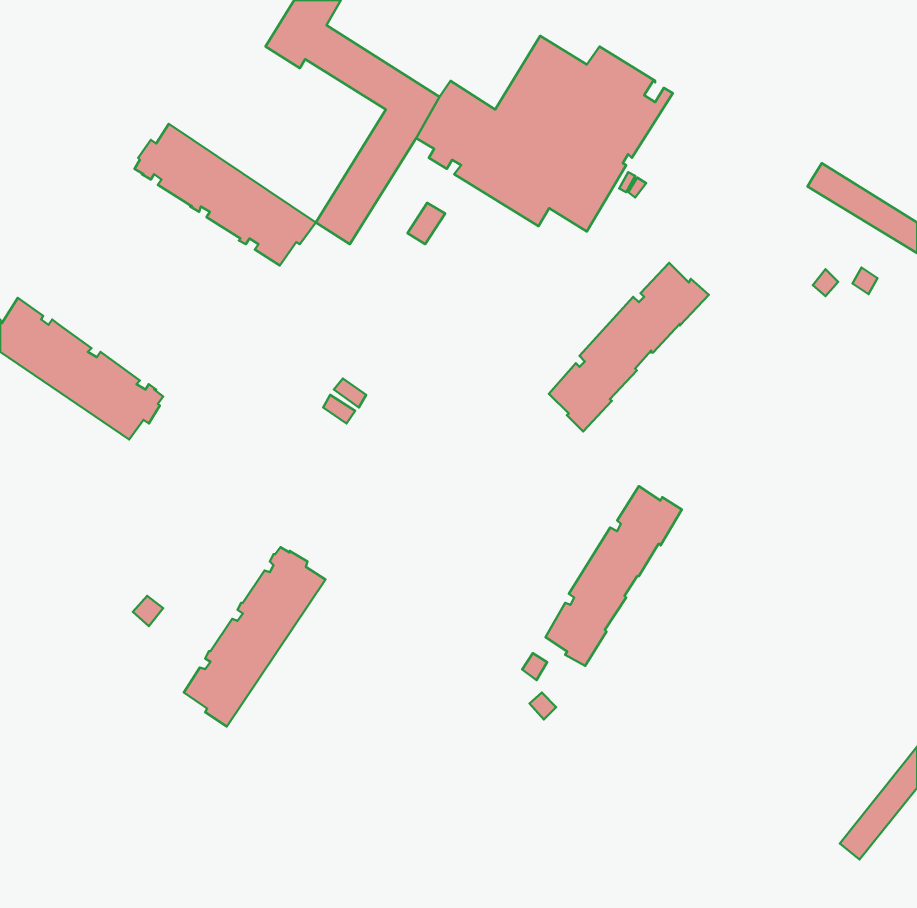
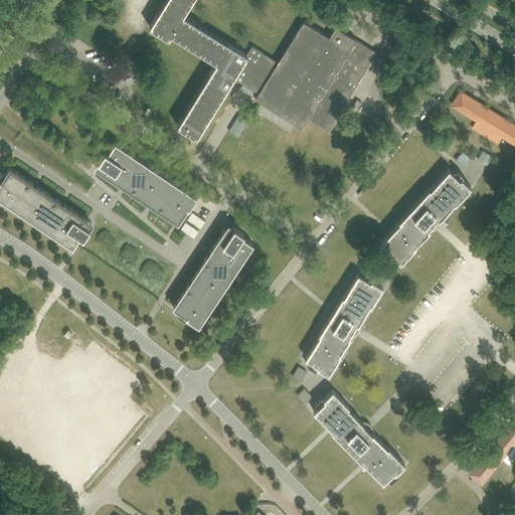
building: [135,124,316,266] -> [96,146,197,225]
building: [549,263,709,431] -> [381,173,471,268]
building: [184,547,326,727] -> [174,229,253,330]
building: none -> [314,394,404,487]

